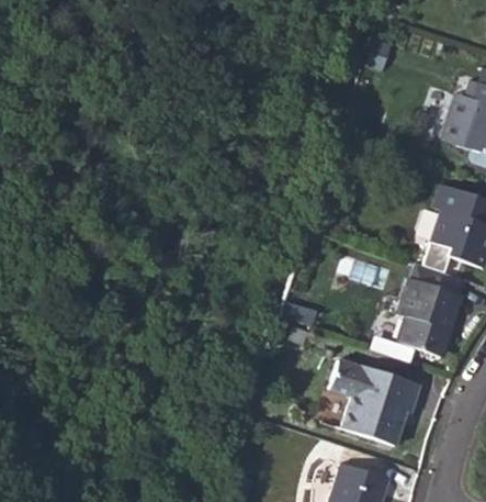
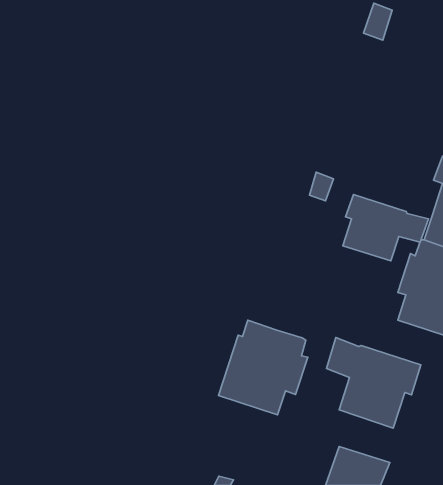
building: none -> [343,194,428,261]
building: none -> [219,320,308,415]

